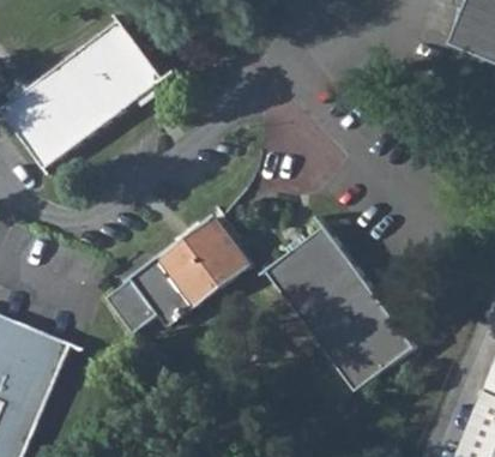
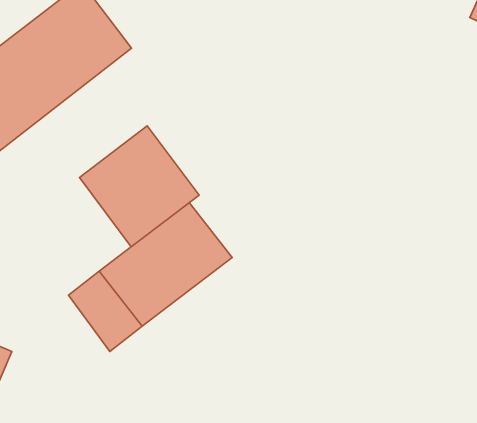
building: none -> [79,126,199,247]
building: [266,223,417,387] -> none

